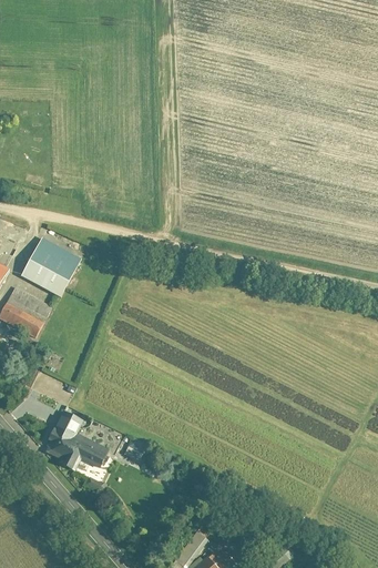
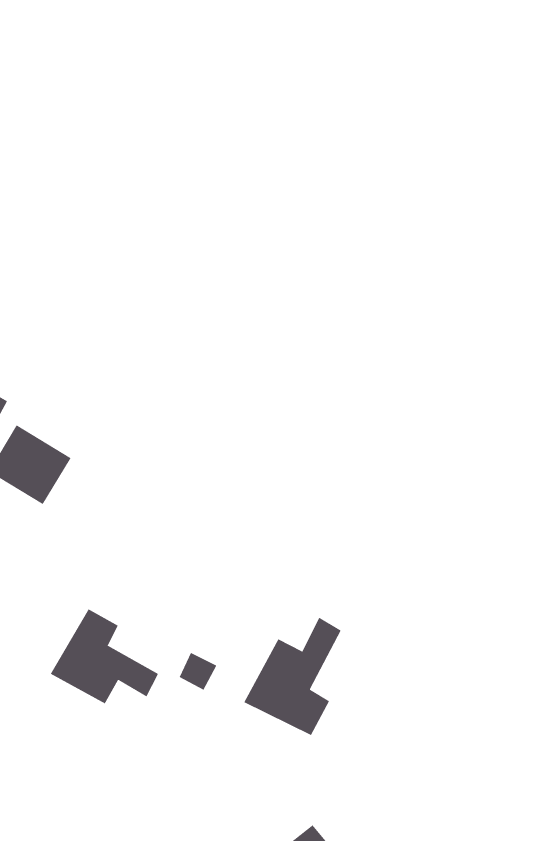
building: [22,244,75,294] -> none
building: none -> [243,617,342,736]

